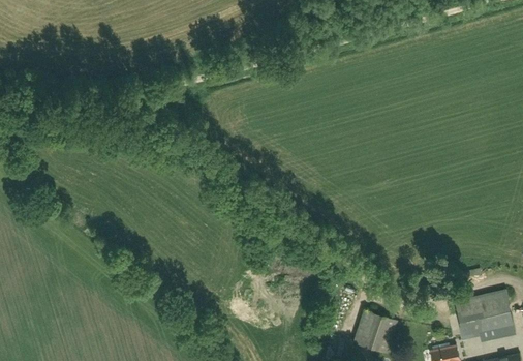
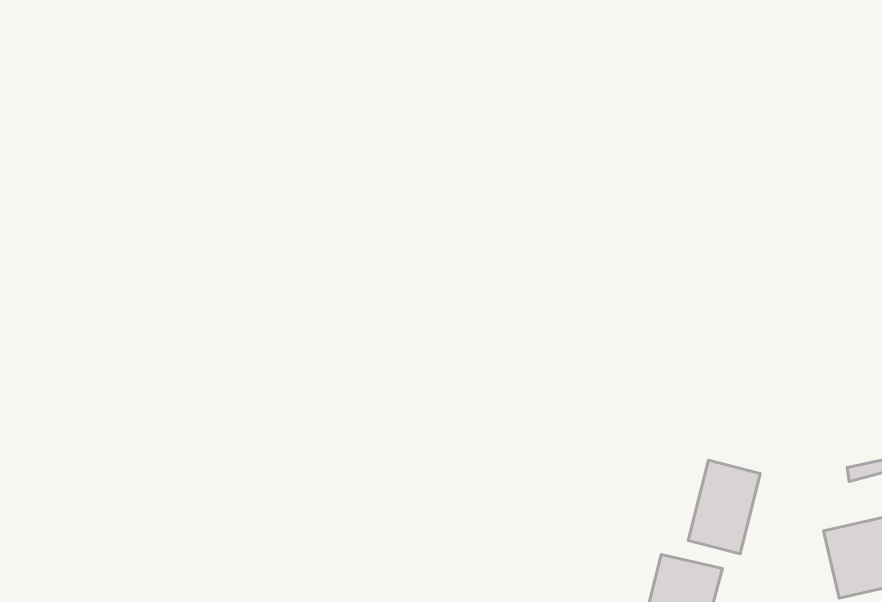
building: none -> [688,460,760,554]

